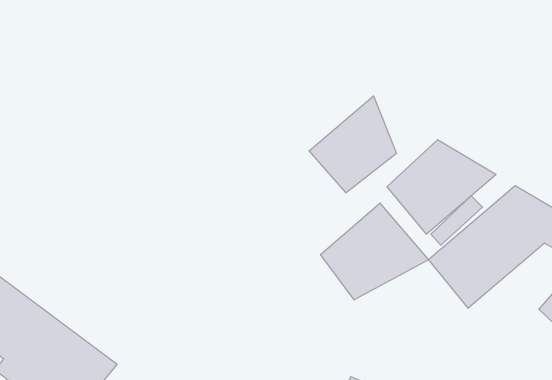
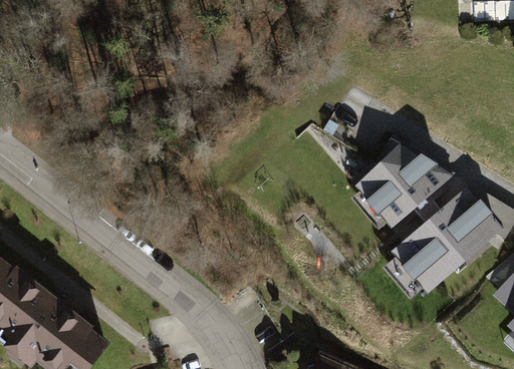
building: [309,96,396,193] -> none
building: [321,203,428,300] -> none

